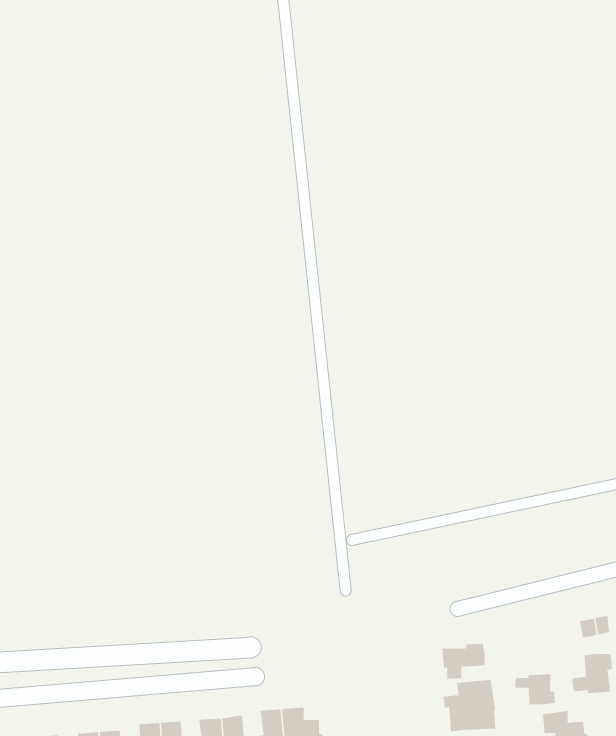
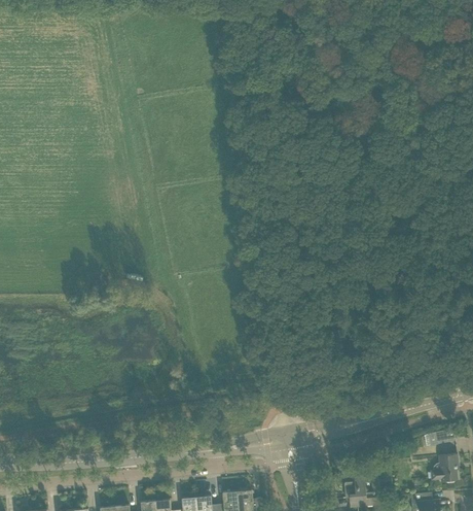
building: [442,643,485,680] -> none
building: [515,673,555,705] -> none

